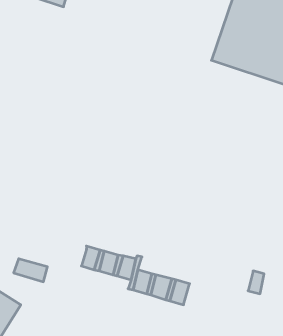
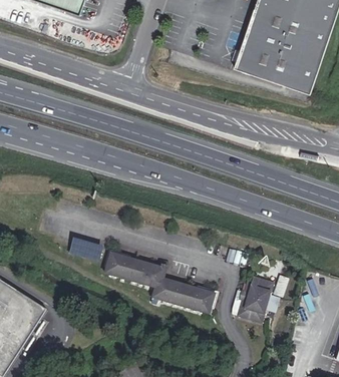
building: [14,259,47,282] -> [67,239,101,262]
building: none -> [238,272,272,316]

